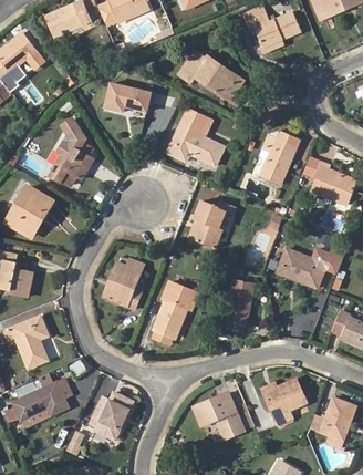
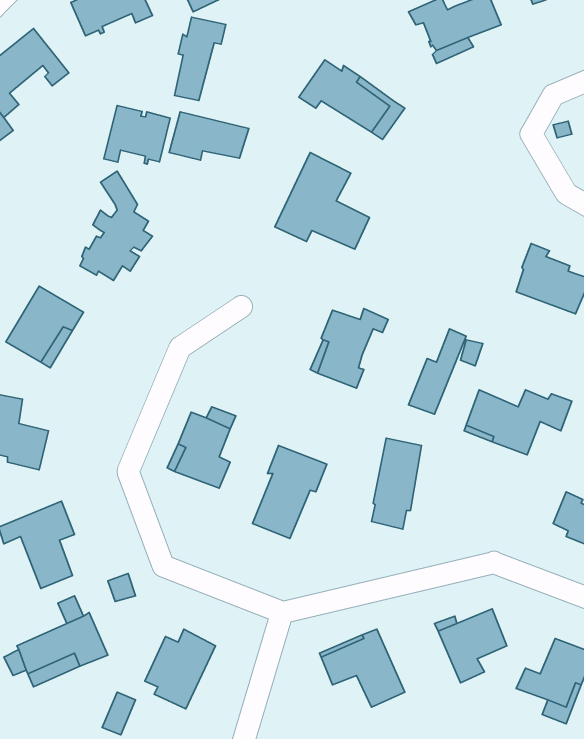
building: none -> [174,17,226,100]
building: none -> [104,106,170,164]
building: [259,138,294,184] -> none

